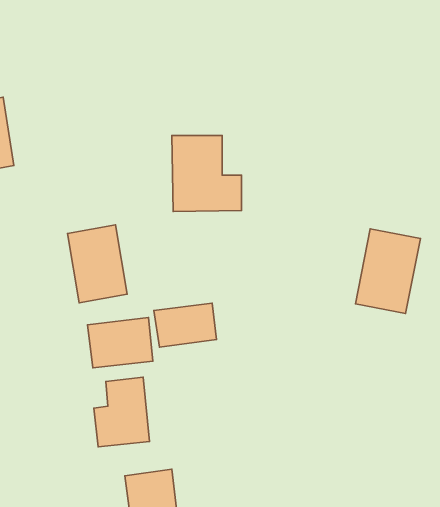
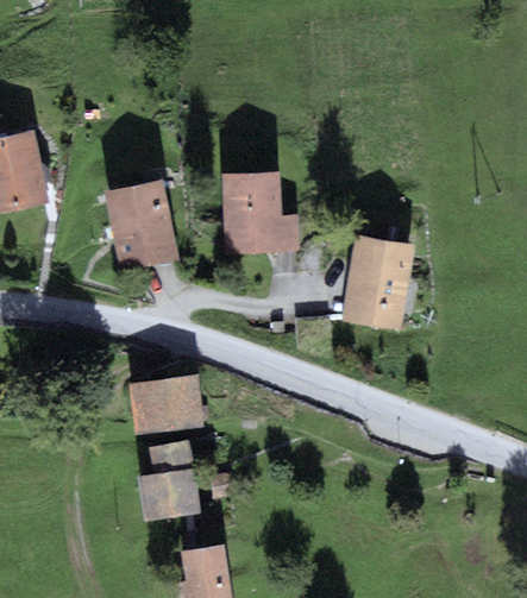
building: [67,225,127,303] -> [108,182,175,269]
building: [355,229,421,313] -> [343,234,415,328]
building: [154,303,216,347] -> none

